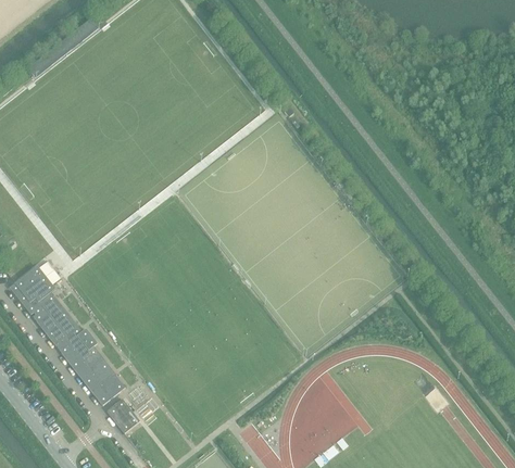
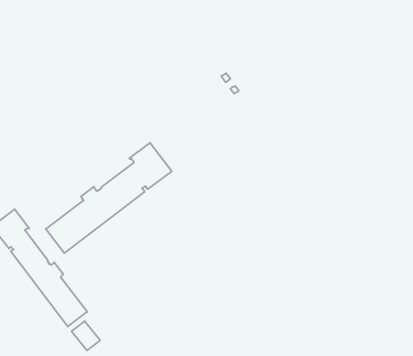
building: none -> [46,143,172,253]

